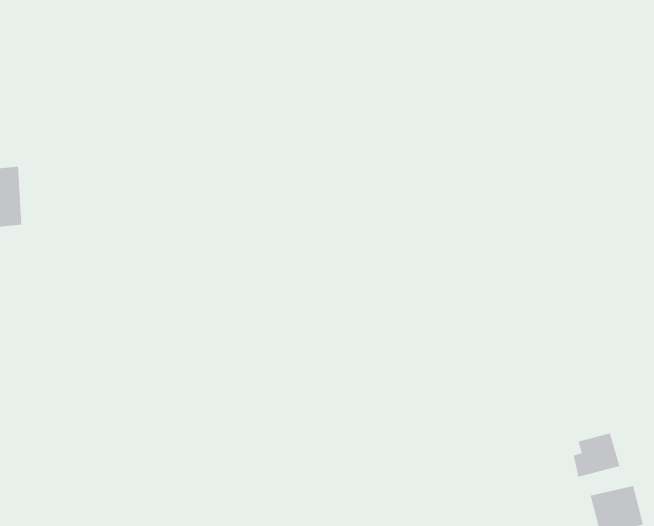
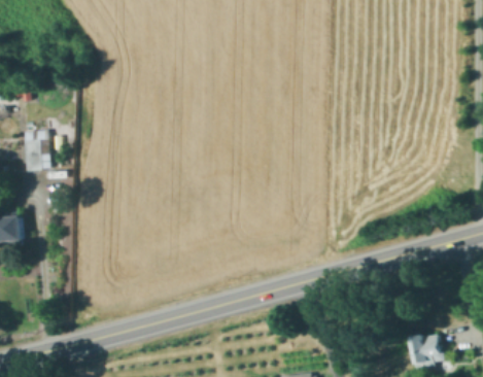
building: [573,433,620,477] -> none

